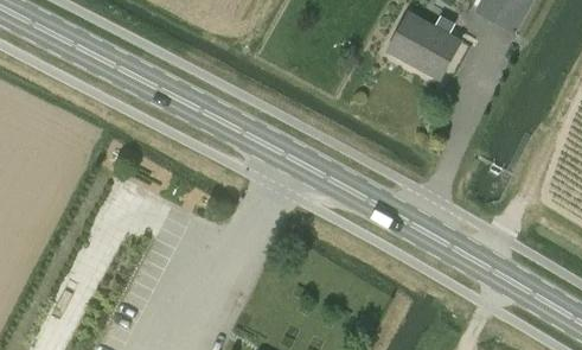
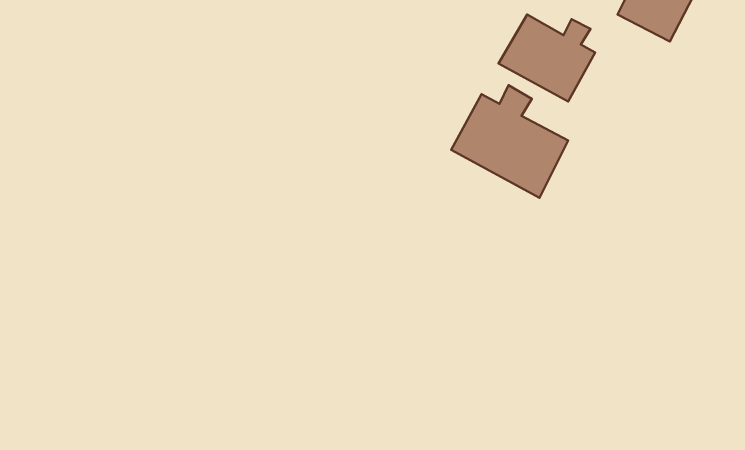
building: none -> [451,85,568,198]

